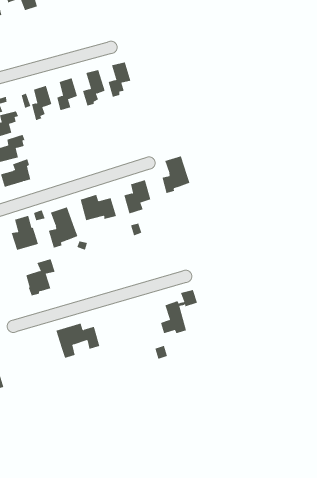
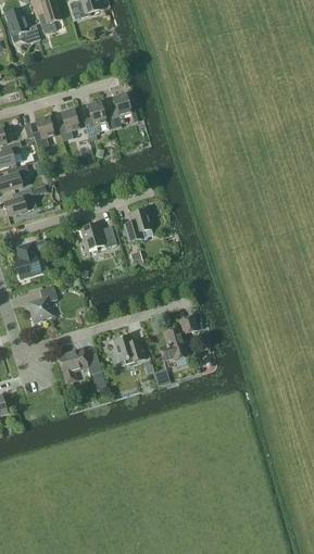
building: [162,156,190,194] -> none
building: [48,207,78,248] -> none
building: none -> [114,335,146,363]

